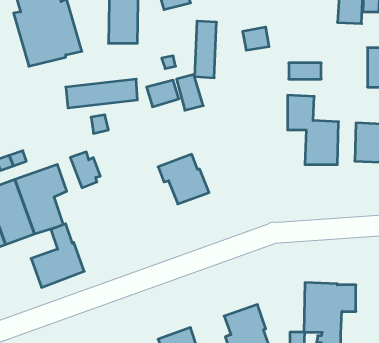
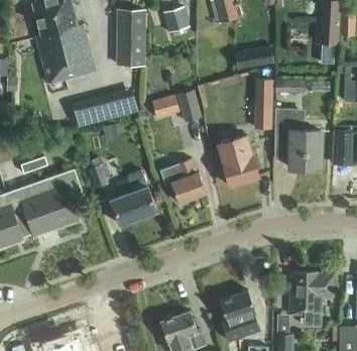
building: [195,21,217,78] -> [253,80,272,129]
building: none -> [218,135,259,186]
building: [31,224,84,287] -> [110,169,156,225]

